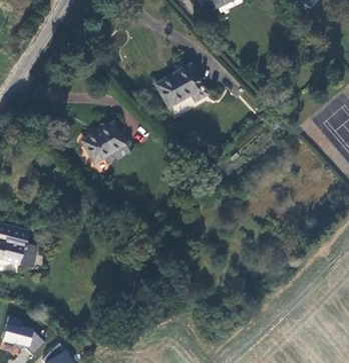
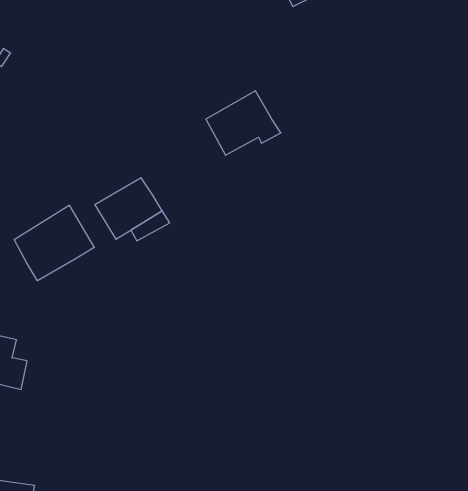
building: none -> [14,205,94,281]

